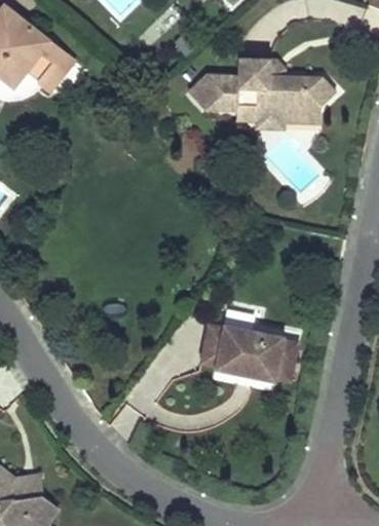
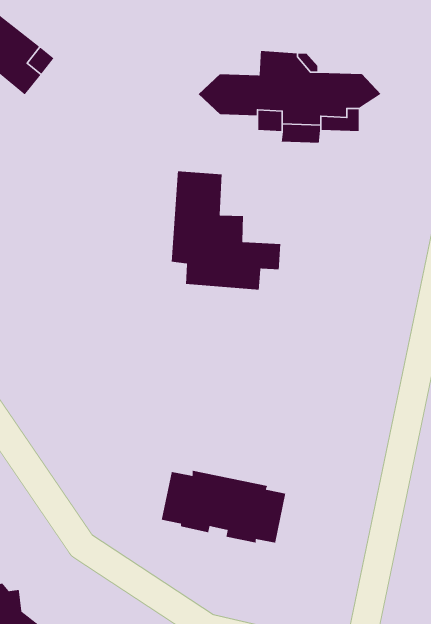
building: none -> [171,170,281,291]
building: [200,323,300,381] -> [161,470,286,544]

